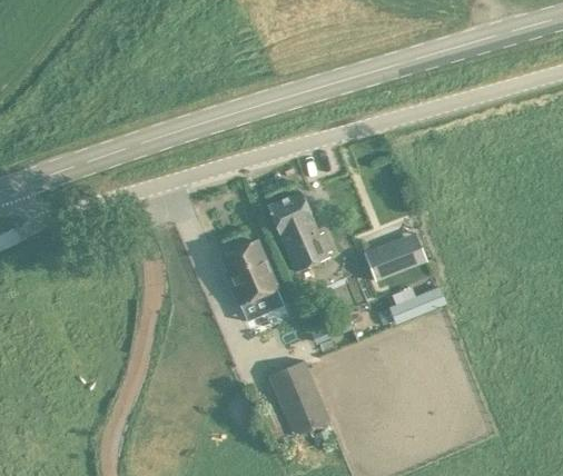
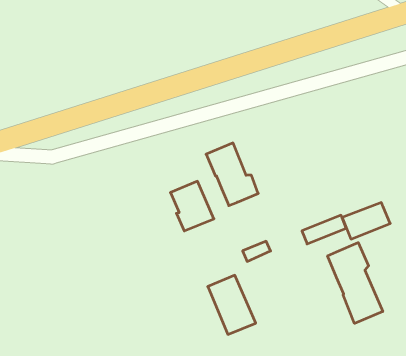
building: [365,234,426,280] -> [342,203,390,239]
building: [239,288,285,321] -> none
building: none -> [328,243,383,323]

